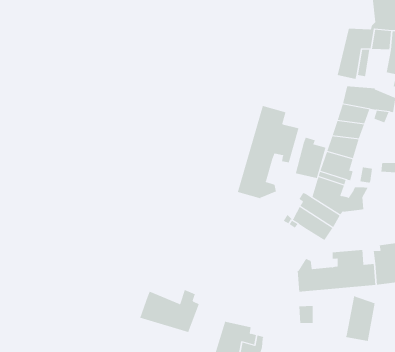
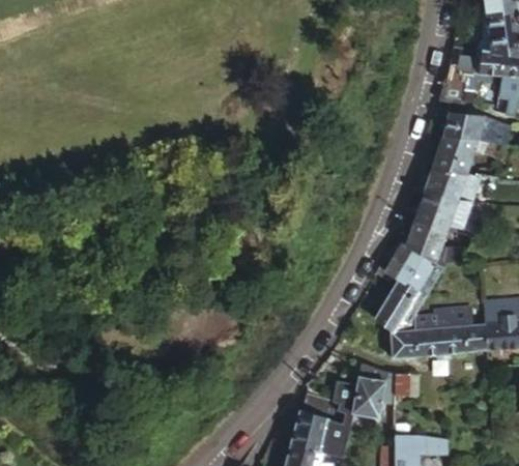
building: [237,105,299,199] -> none
building: [295,137,326,179] -> none
building: none -> [376,282,425,332]
building: [140,289,199,333] -> none
building: [345,295,375,342] -> [352,363,388,418]

